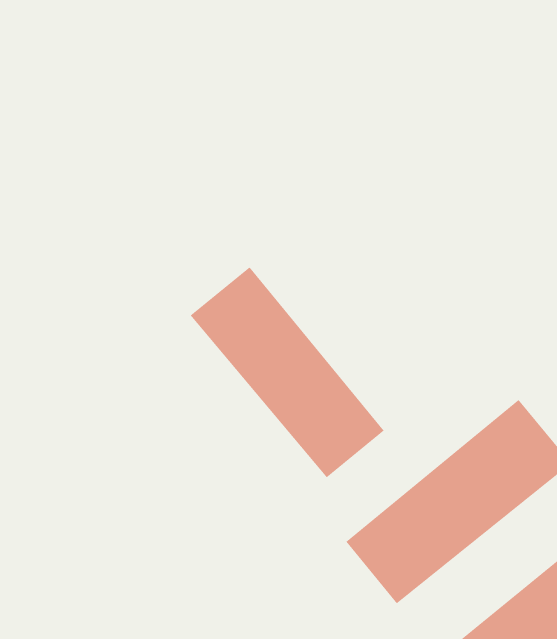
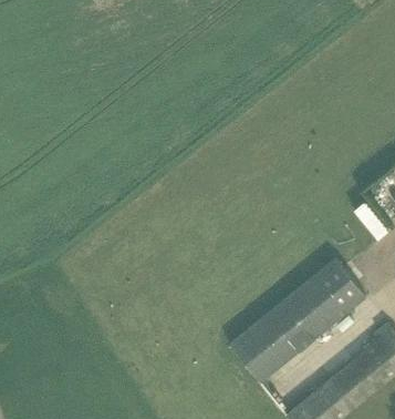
building: [190,267,384,478] -> none

